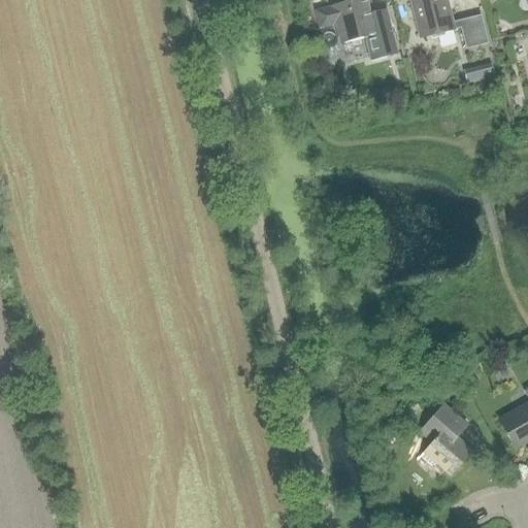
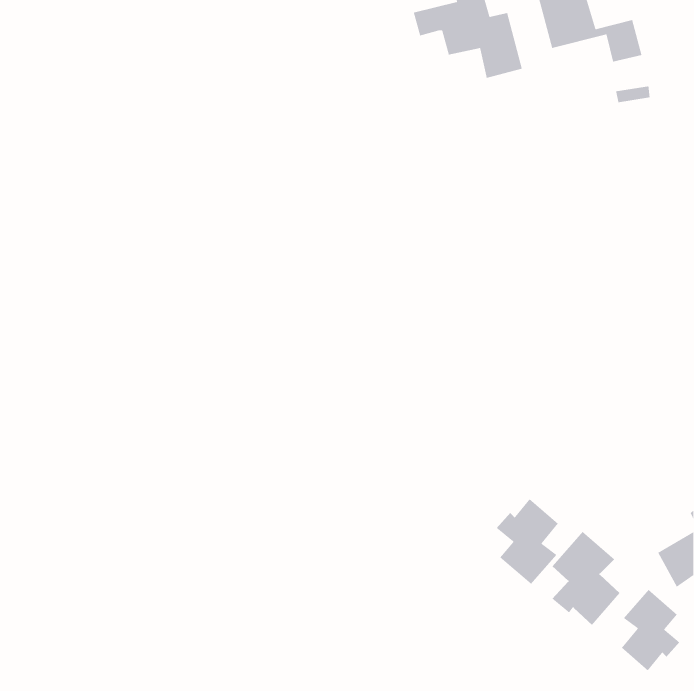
building: none -> [496,498,559,585]
building: none -> [621,589,680,671]

